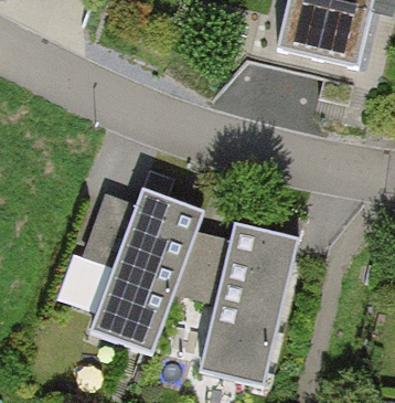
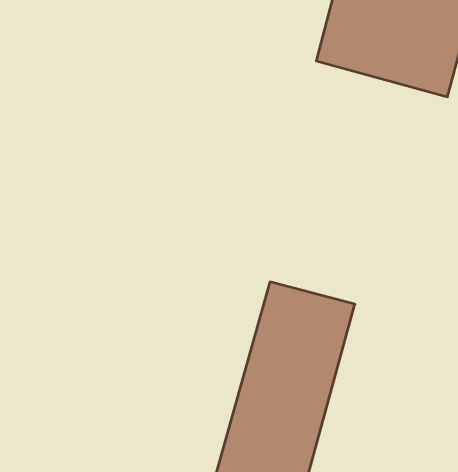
building: [89,191,201,349] -> none

